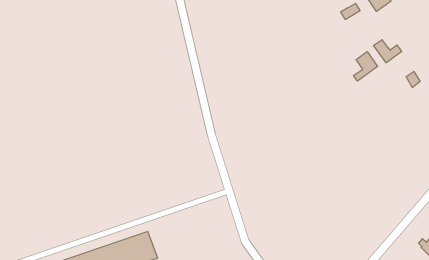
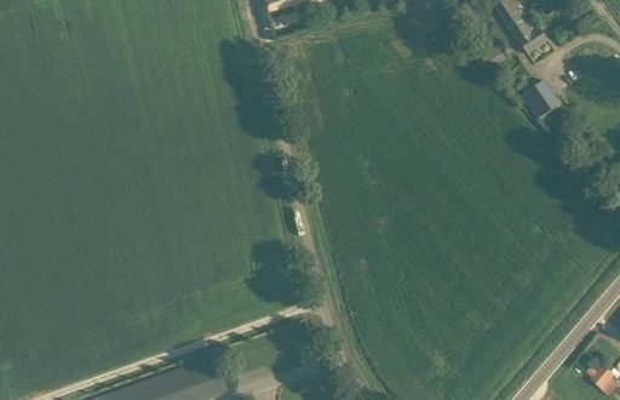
building: [354,52,378,81] -> none

